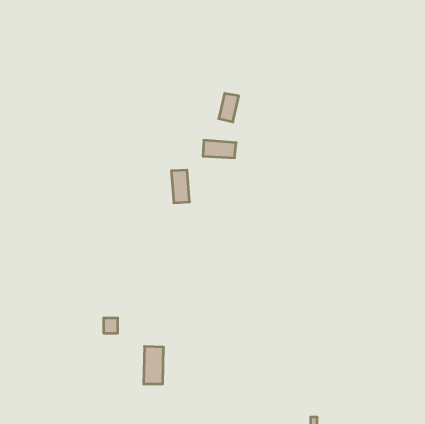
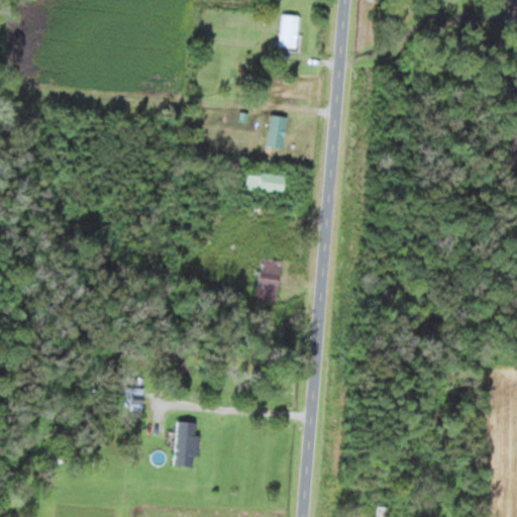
building: none -> [279,15,300,49]
building: [171,170,190,203] -> [258,261,281,300]

